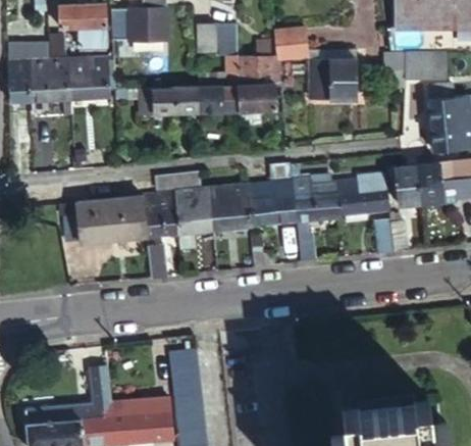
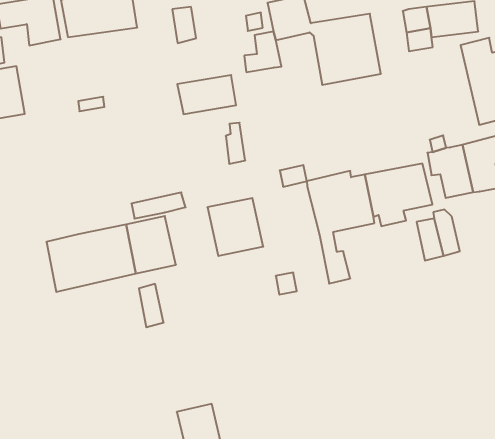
building: [71,55,111,97] -> none
building: [240,56,277,110] -> none
building: [142,88,200,115] -> none
building: [247,182,297,226] -> none
building: [175,189,214,248] -> none

